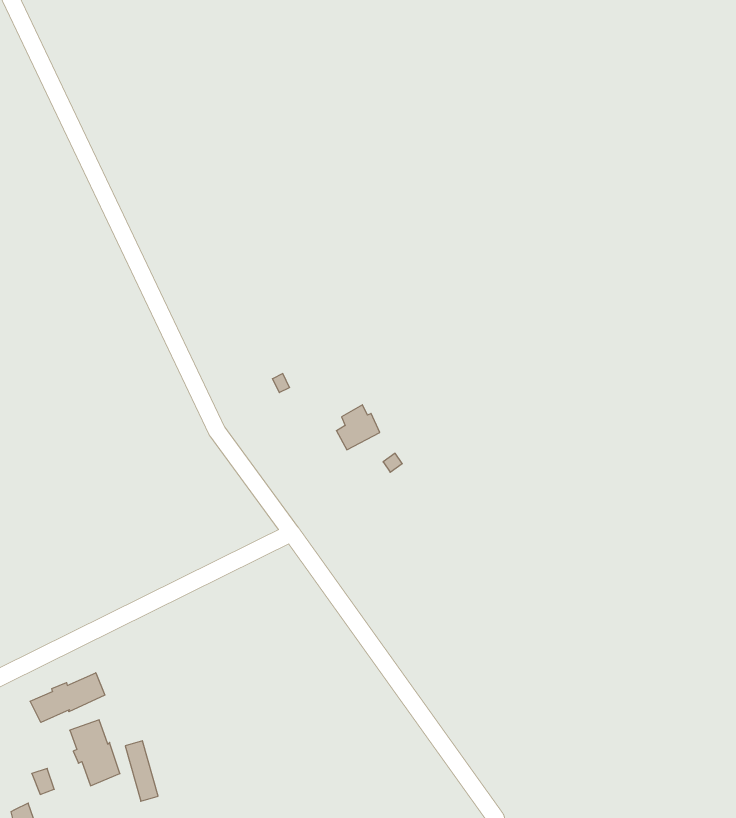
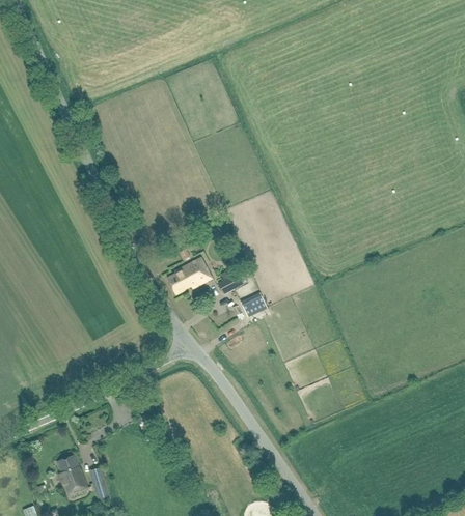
building: none -> [167,258,212,294]
building: [30,673,105,722] -> none

